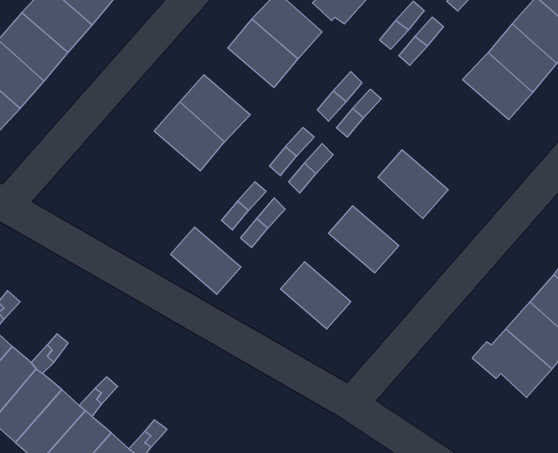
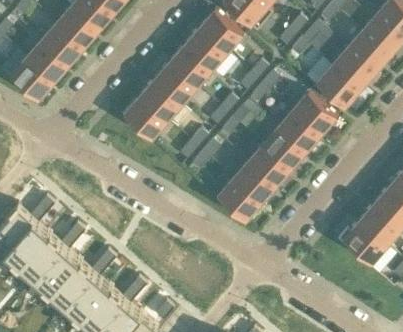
building: none -> [168,45,212,87]
building: none -> [315,65,359,107]
building: none -> [292,92,336,134]
building: none -> [261,126,305,169]
building: [171,227,241,294] -> [122,97,166,139]
building: none -> [231,161,275,204]

